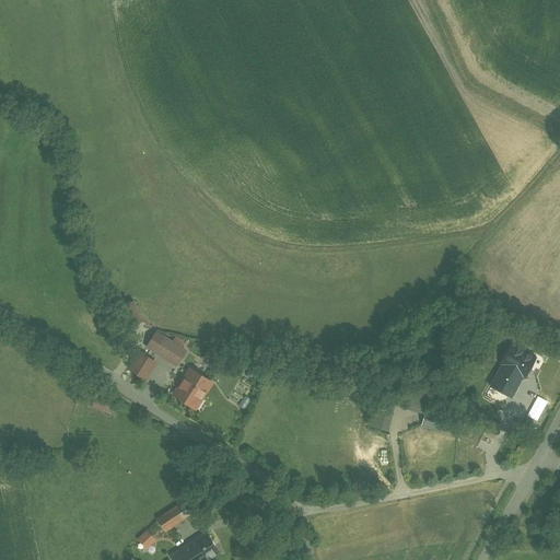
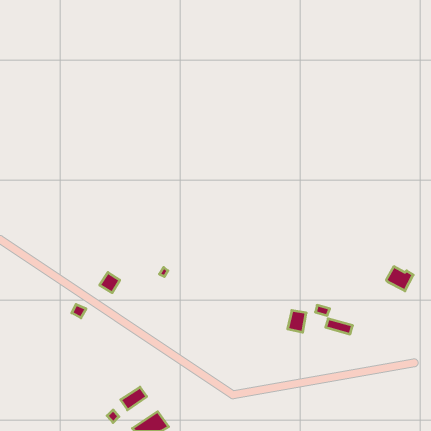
building: [147,332,186,366] -> none
building: [492,365,522,397] -> none
building: [174,370,211,407] -> none

